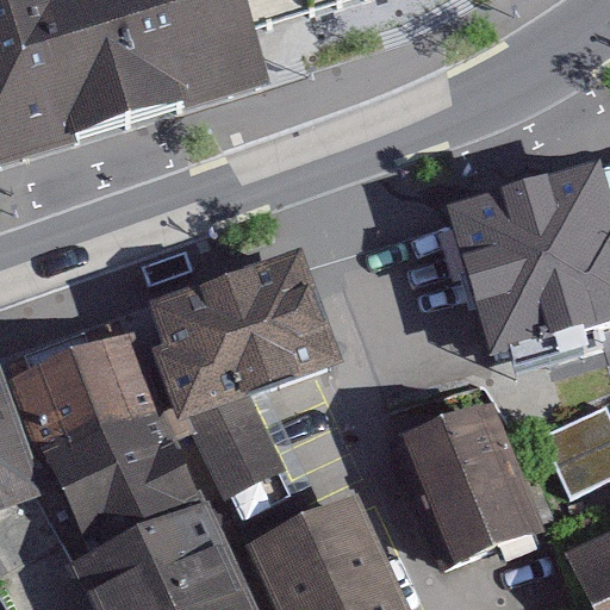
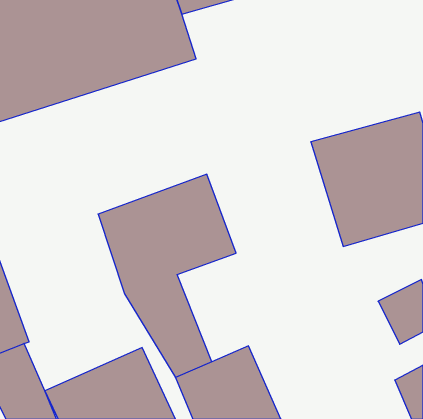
building: [6,328,204,548] -> none
building: [394,400,543,567] -> none

